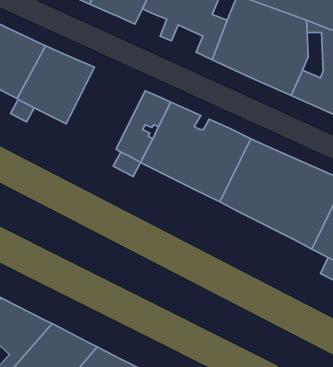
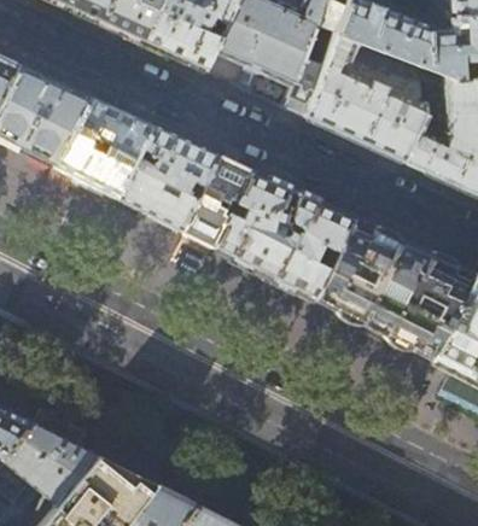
building: none -> [120,128,221,233]

